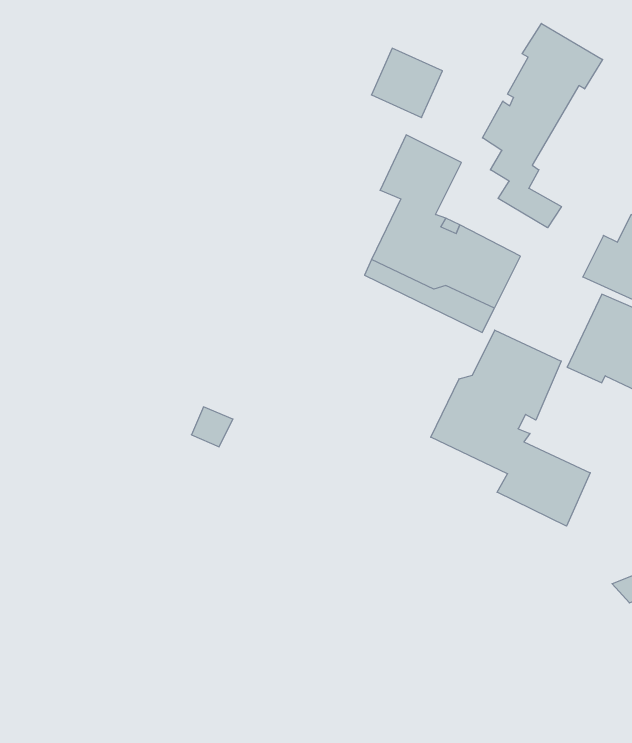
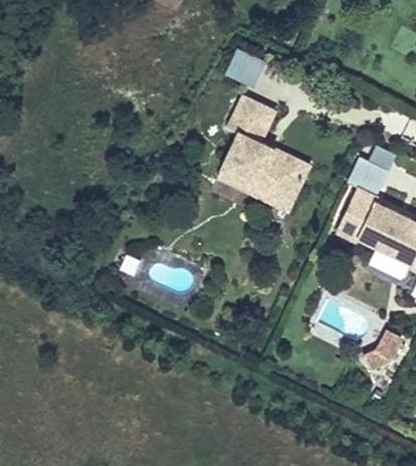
building: [482,23,603,228] -> none
building: [431,330,590,526] -> none

